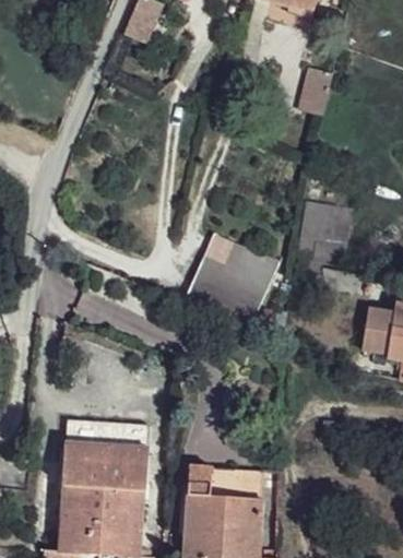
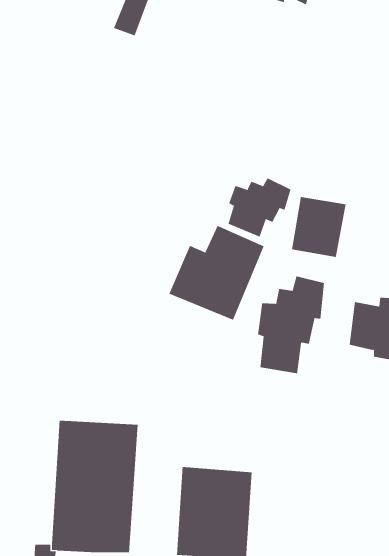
building: [297,73,329,120] -> none
building: none -> [228,178,291,238]
building: none -> [258,275,324,374]

